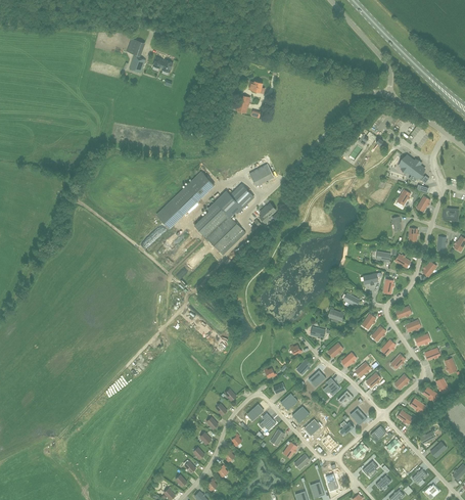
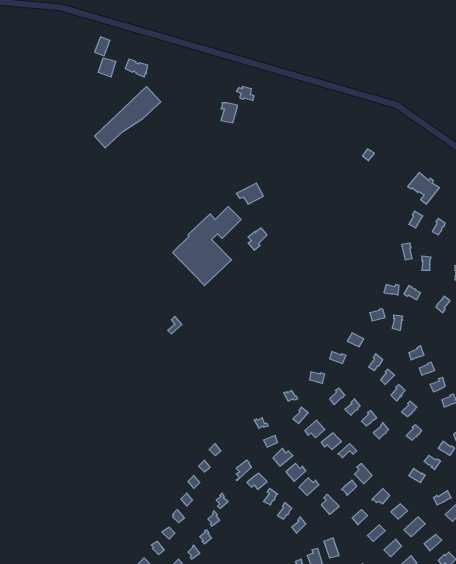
building: [156,172,214,225] -> [95,87,161,148]

